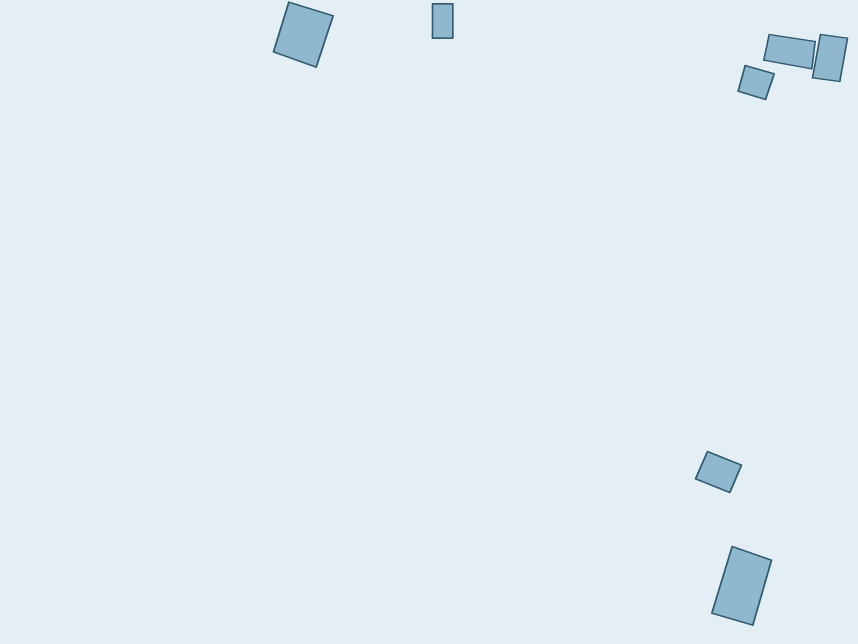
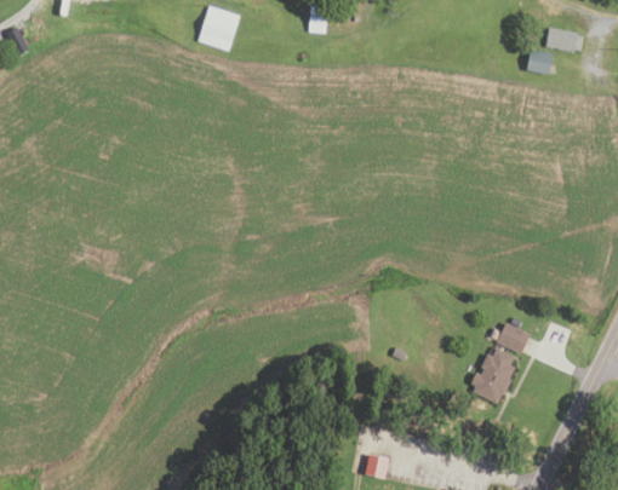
building: [813,35,848,82] -> none
building: [712,547,772,625] -> [473,346,515,402]

